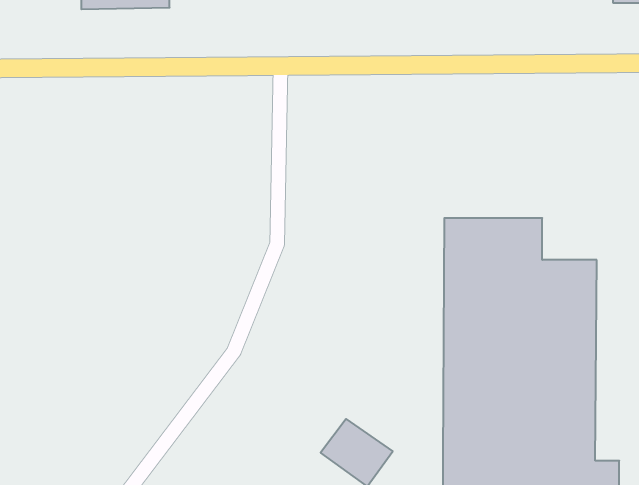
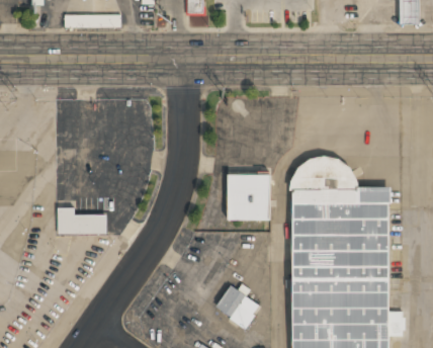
building: none -> [227,175,270,222]
building: none -> [57,207,105,235]

